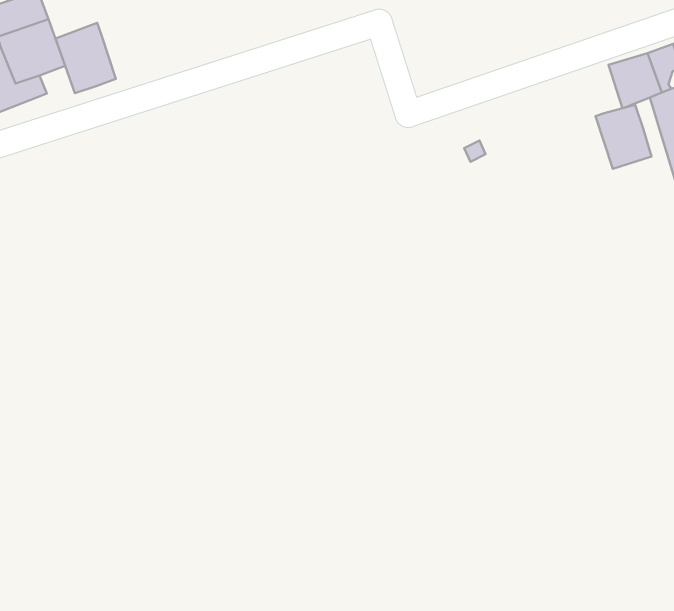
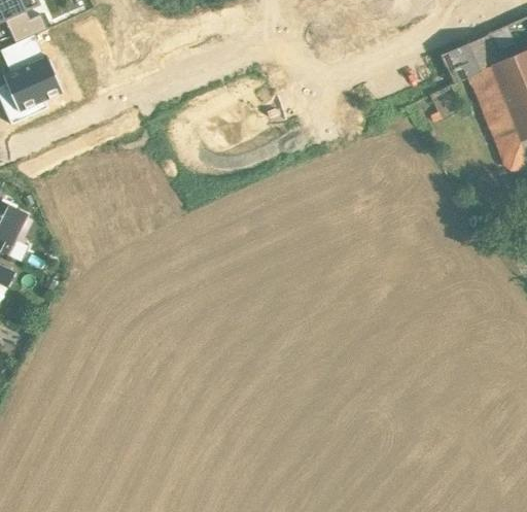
building: [55,23,116,93] -> none
building: [595,105,652,169] -> none

